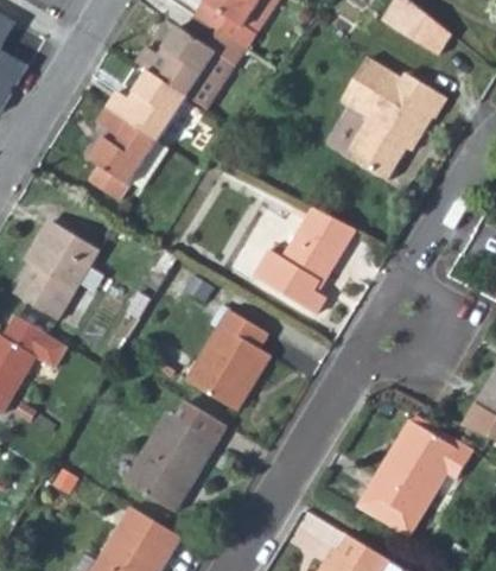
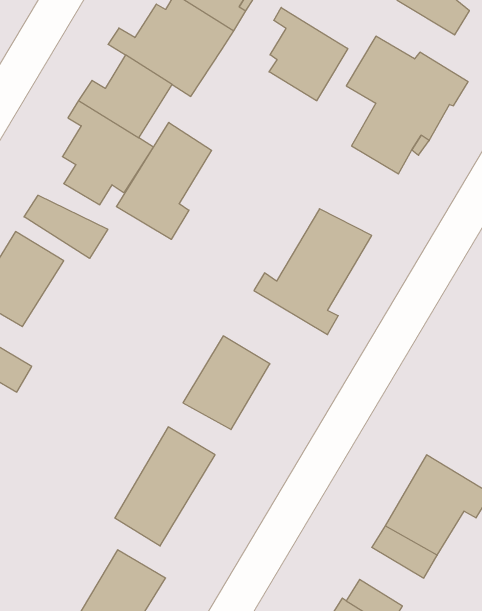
building: none -> [269,7,348,101]
building: none -> [116,122,212,239]
building: none -> [24,195,108,258]

